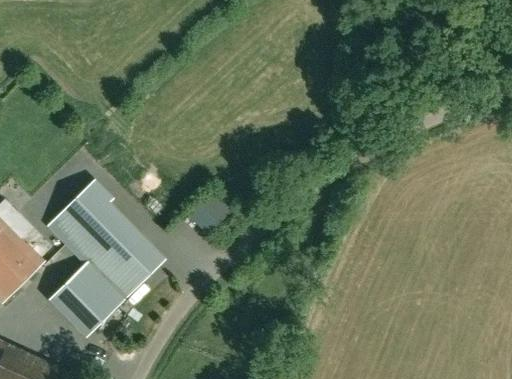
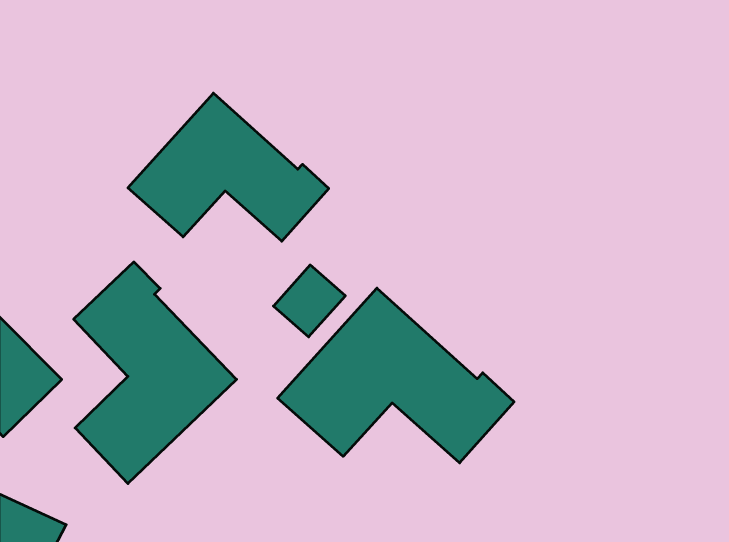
building: none -> [128,93,329,241]
building: none -> [278,288,514,463]

